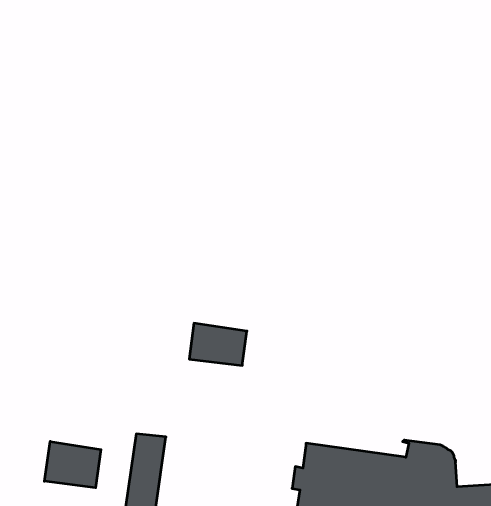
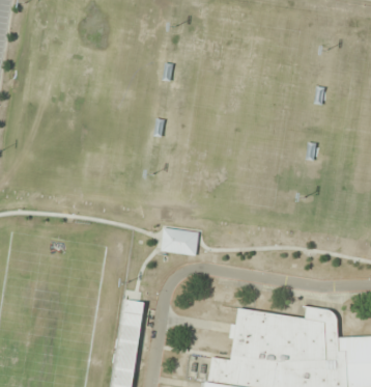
building: [44,441,101,488] -> none

